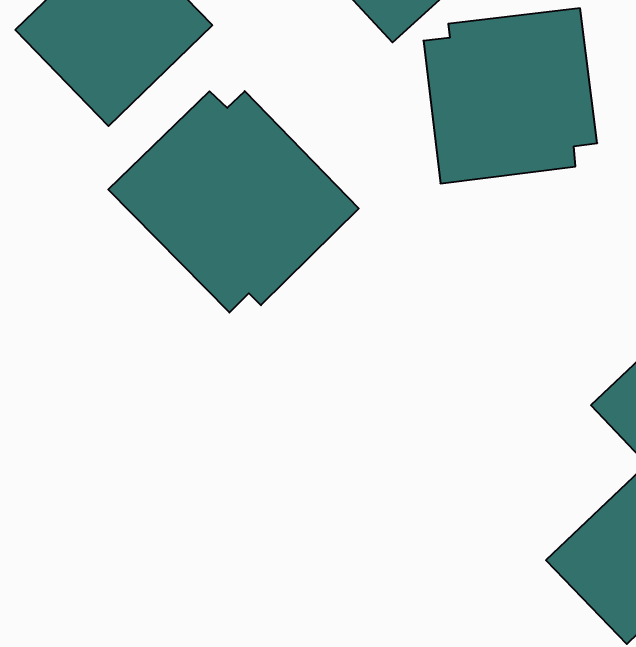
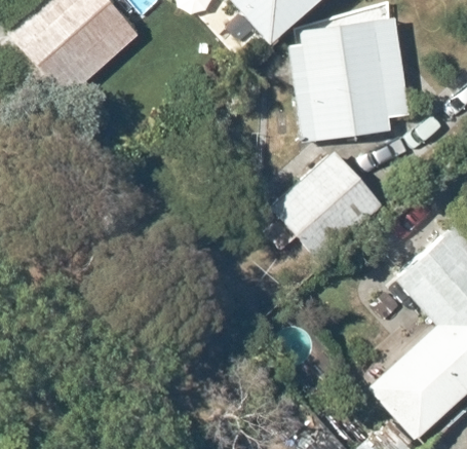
building: [108,91,359,313] -> none
building: none -> [263,145,384,264]

